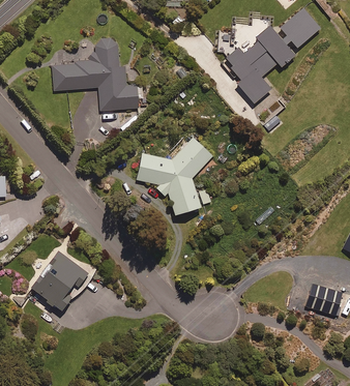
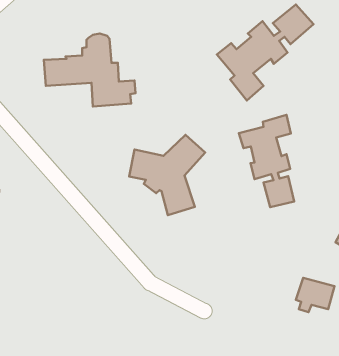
building: none -> [239,115,294,207]
building: [32,250,92,313] -> none

